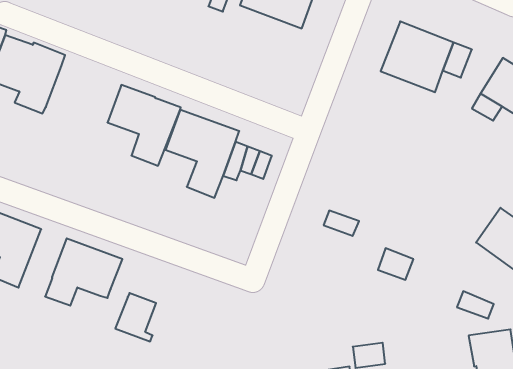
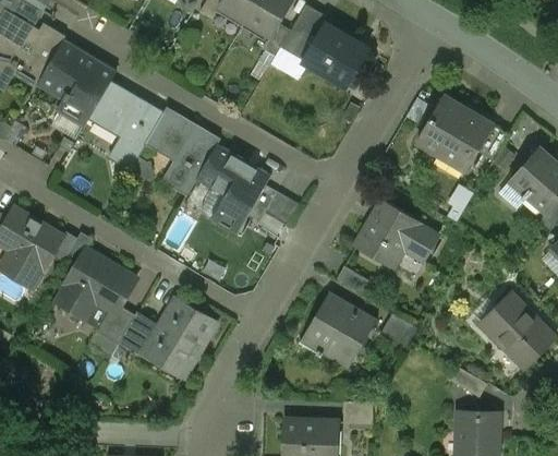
building: none -> [88,82,163,170]
building: none -> [355,201,437,267]
building: none -> [306,293,376,360]
building: none -> [146,302,213,374]
building: none -> [96,305,135,344]

